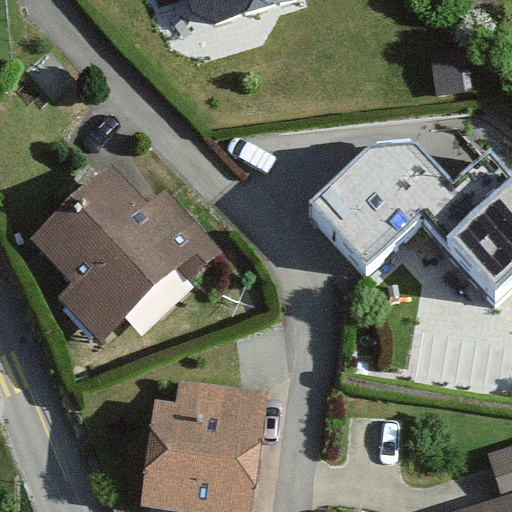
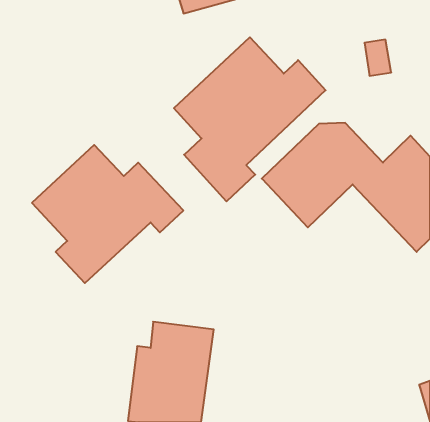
building: none -> [174,37,326,201]

